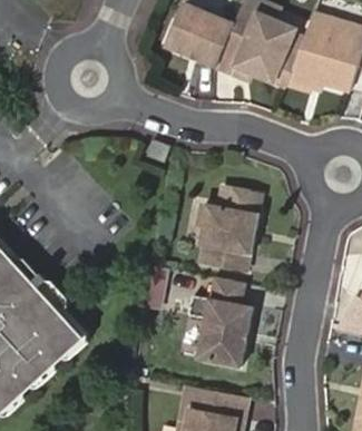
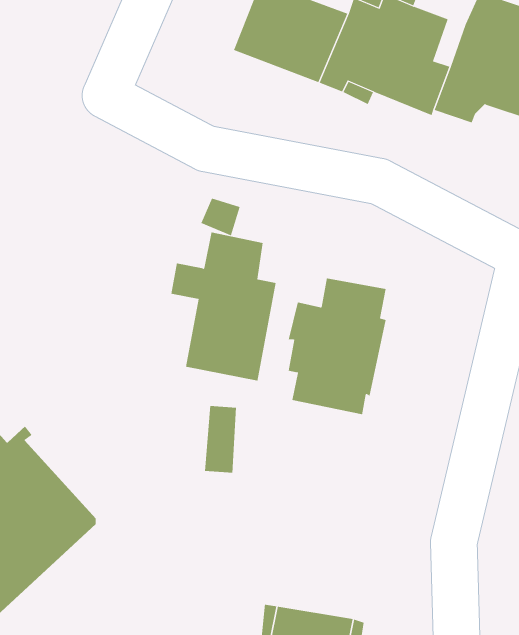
building: [189,275,254,366] -> [171,232,276,381]

